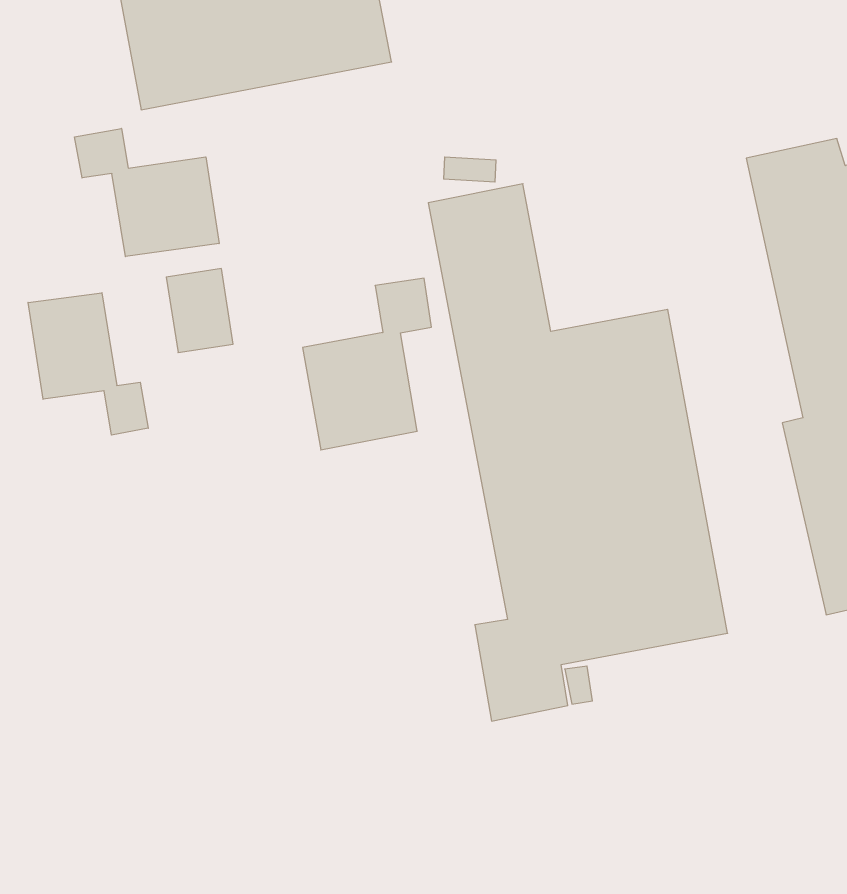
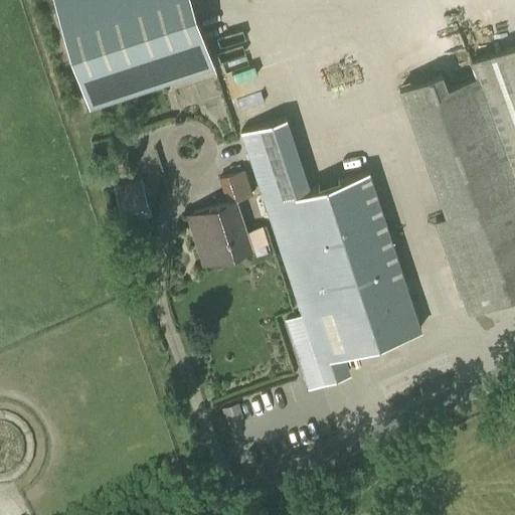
building: [75,128,219,257] -> none
building: [28,293,148,435] -> none

